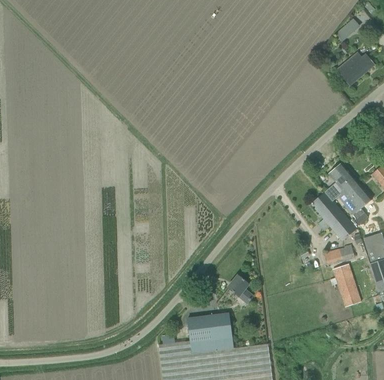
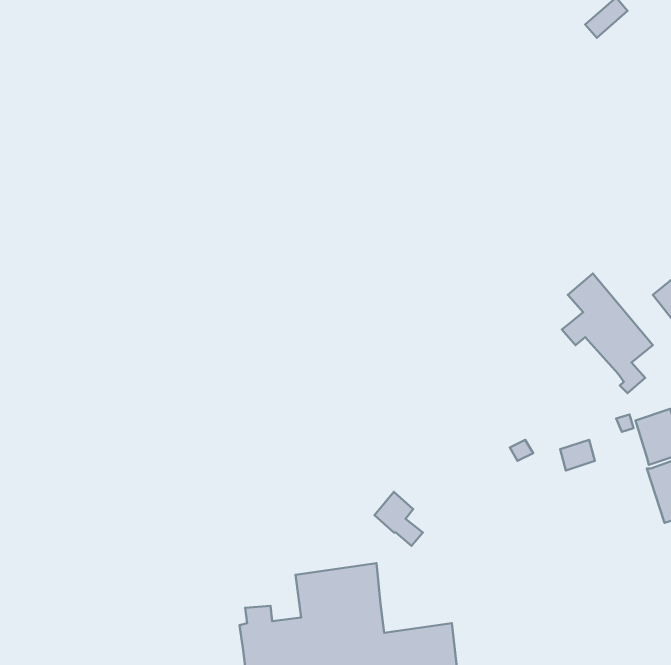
building: [337,52,374,85] -> none
building: [311,191,356,240] -> none
building: [333,263,361,306] -> none

